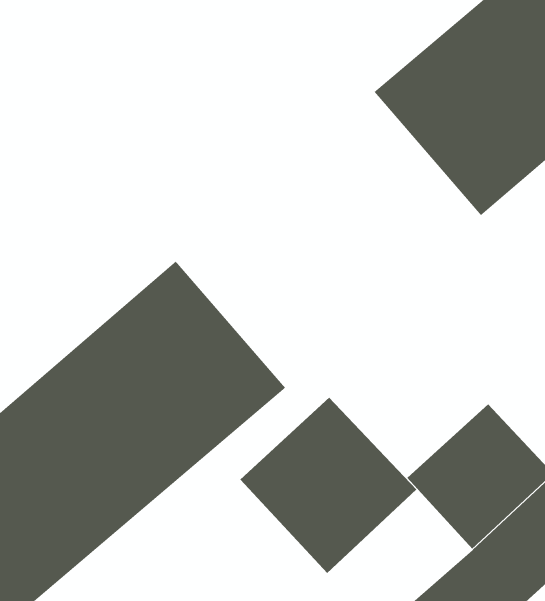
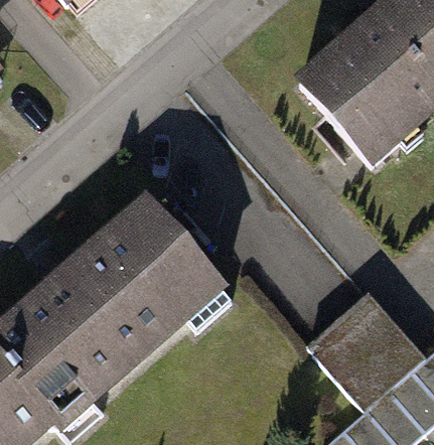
building: [239,397,417,574] -> none

